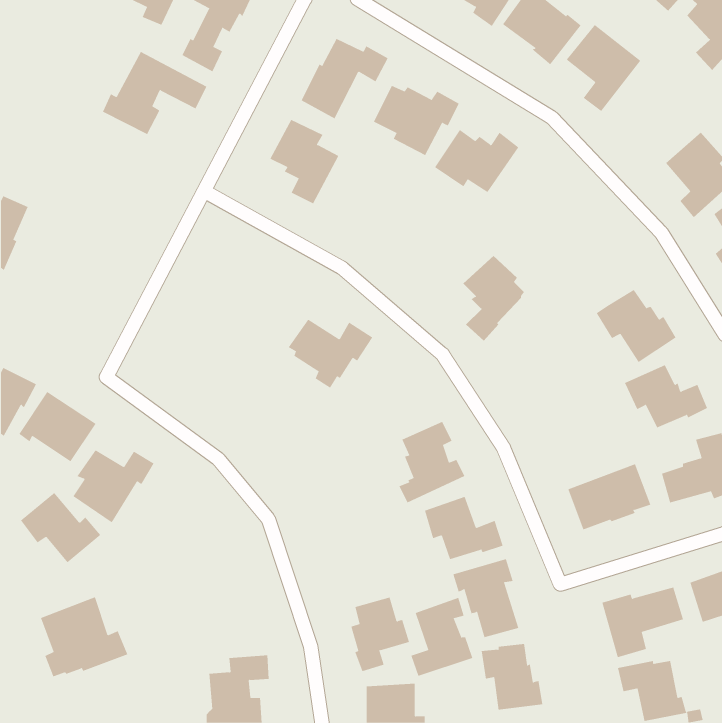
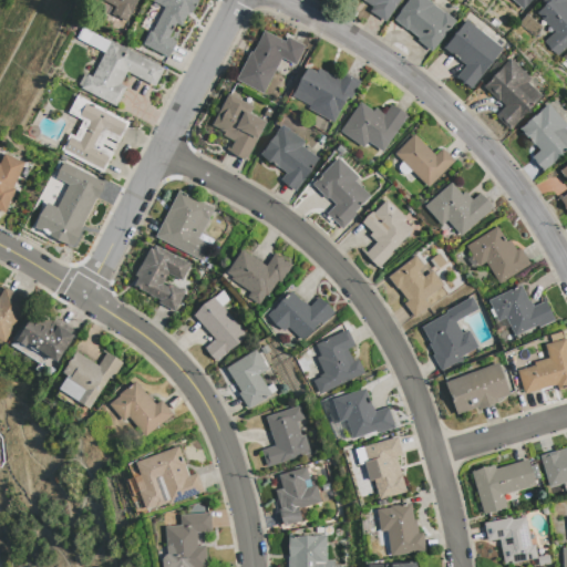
building: none -> [484,58,543,130]
building: none -> [62,94,130,172]
building: none -> [261,124,320,190]
building: none -> [395,133,455,187]
building: none -> [313,157,371,228]
building: none -> [35,162,105,246]
building: none -> [425,182,494,235]
building: none -> [156,189,215,260]
building: none -> [134,245,190,311]
building: none -> [389,255,443,317]
building: none -> [268,290,334,340]
building: none -> [422,296,480,370]
building: none -> [194,297,247,360]
building: none -> [227,349,272,409]
building: [20,492,101,563] -> [110,381,173,436]
building: [40,596,128,677] -> [136,445,205,508]
building: [411,597,473,677] -> [262,404,311,466]

